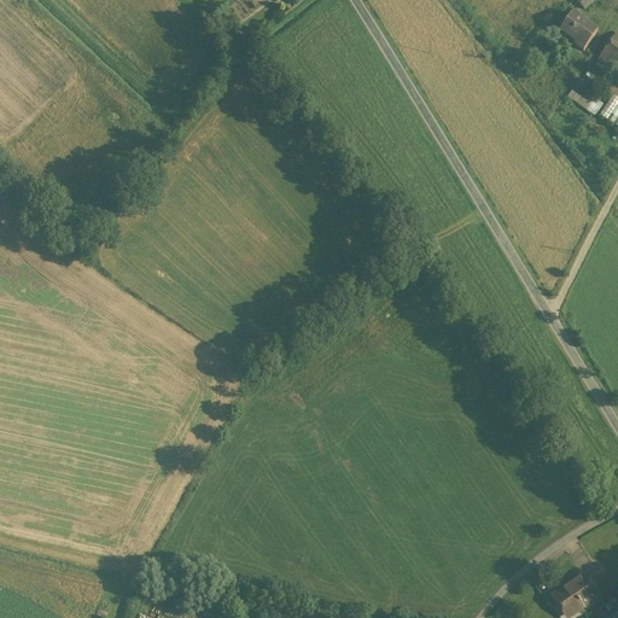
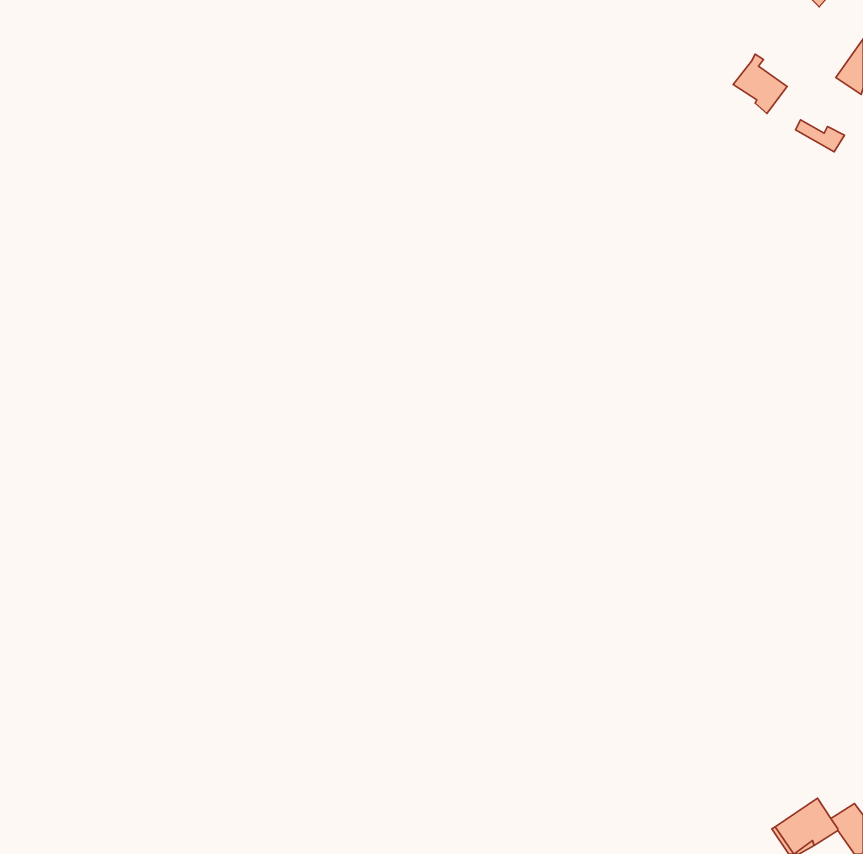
building: [559,5,597,47] -> [733,54,787,113]

